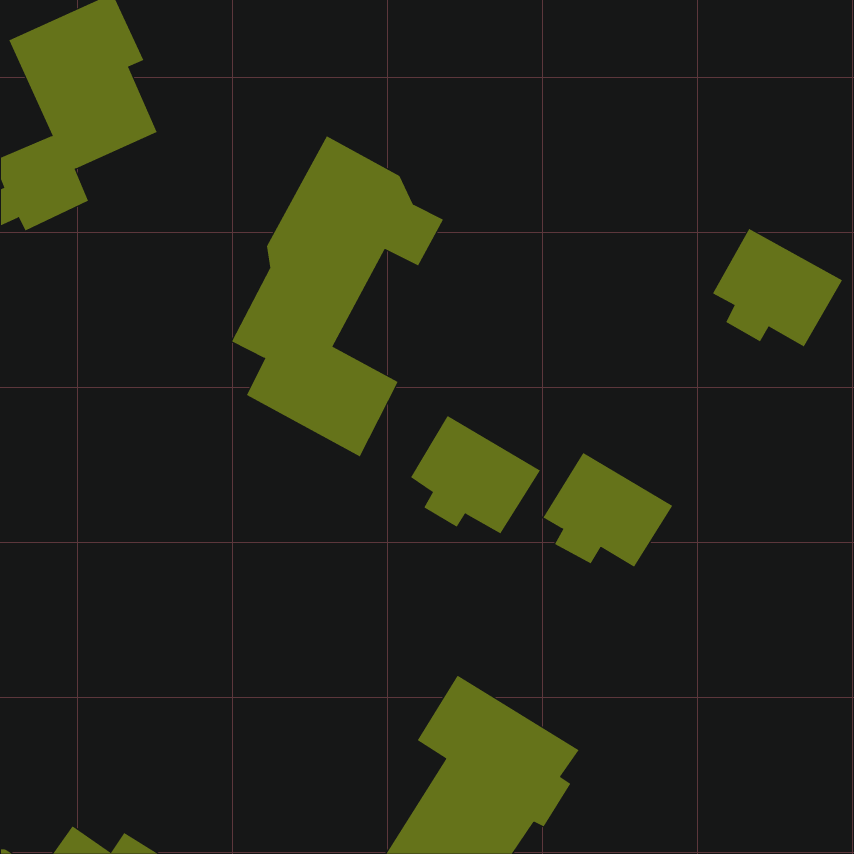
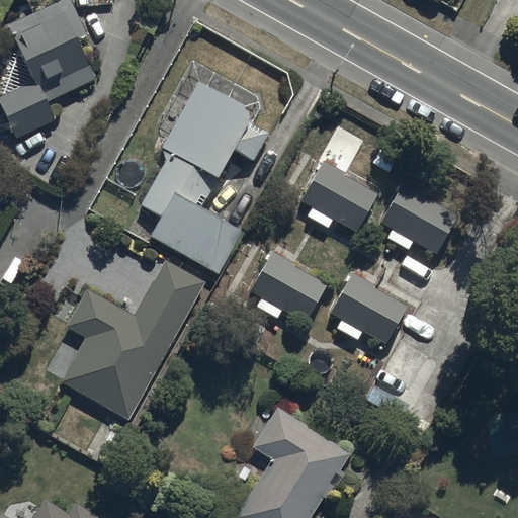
building: [712,228,843,347] -> [379,182,458,254]
building: none -> [301,159,379,232]
building: none -> [61,260,205,421]

